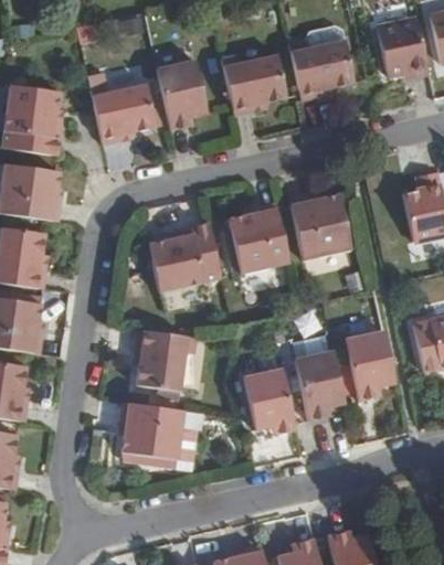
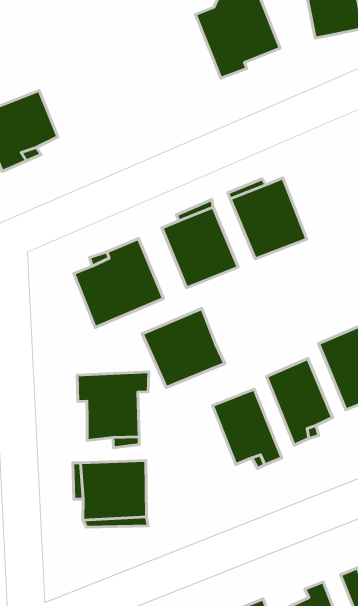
building: [222,54,287,116] -> none
building: [157,60,209,130] -> none
building: none -> [142,308,225,387]

